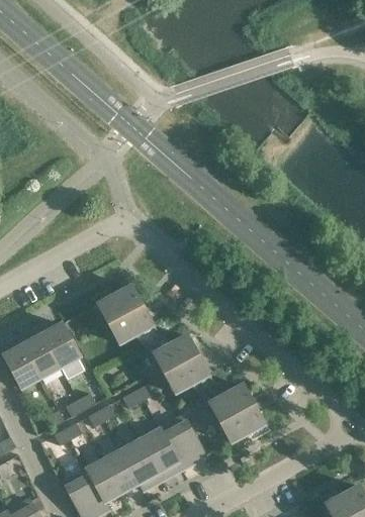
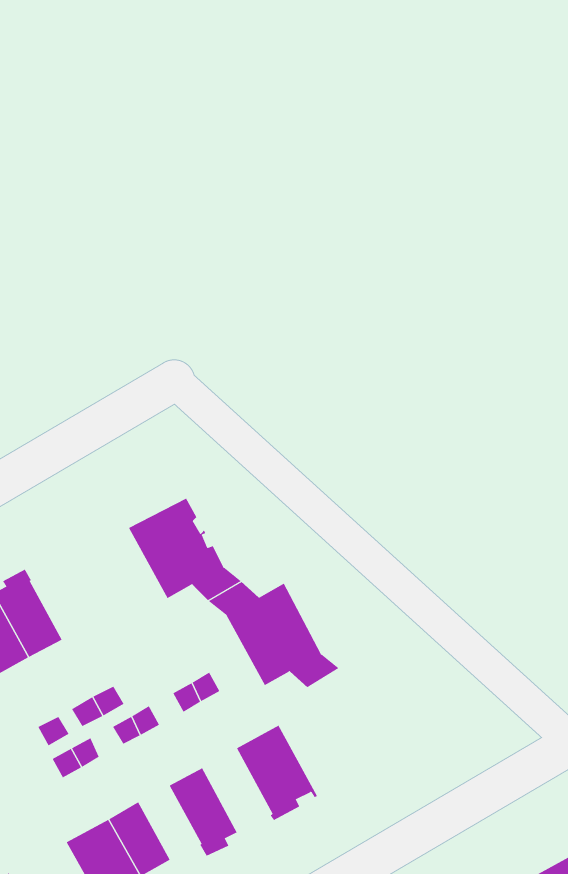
building: [42,323,80,367] -> none
building: [200,383,265,442] -> none
building: [141,428,180,480] -> none
building: [104,449,140,492] -> none

